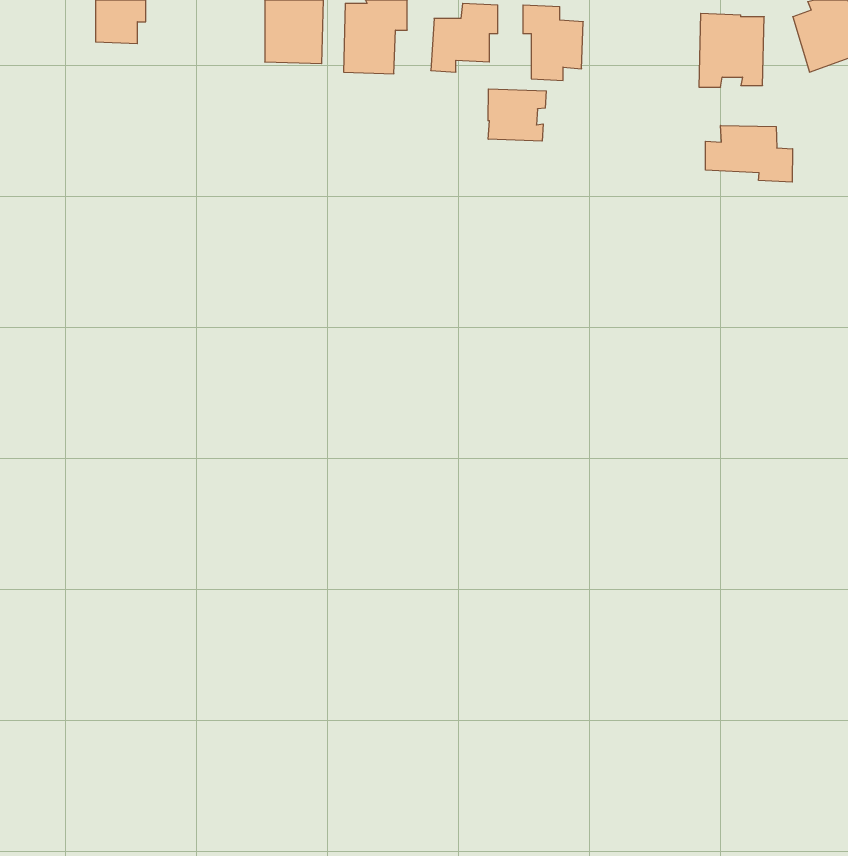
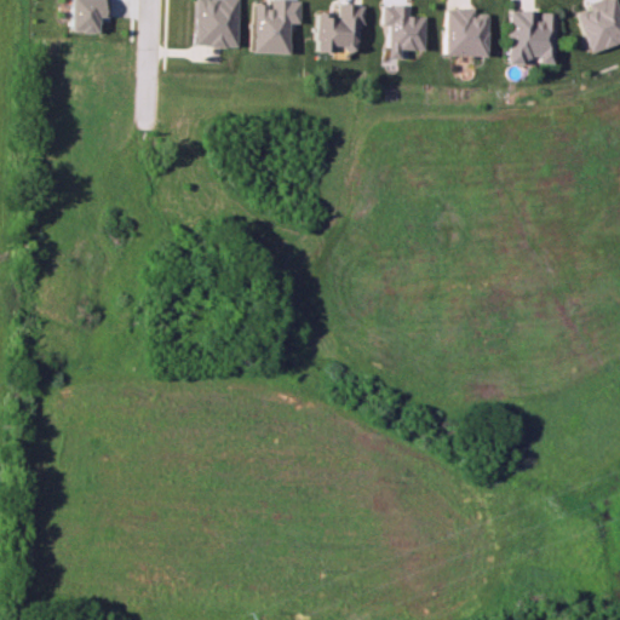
building: none -> [447,7,490,56]
building: [488,89,546,141] -> none
building: [706,125,793,182] -> none

